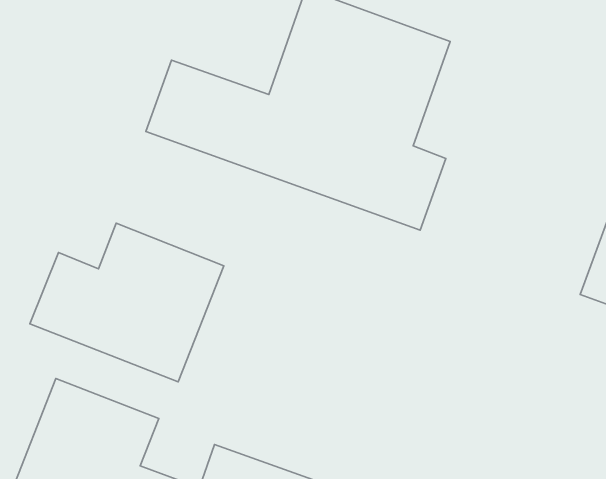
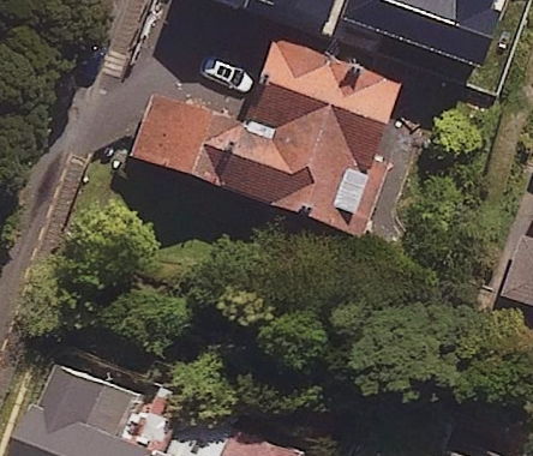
building: [30,223,224,382] -> none

